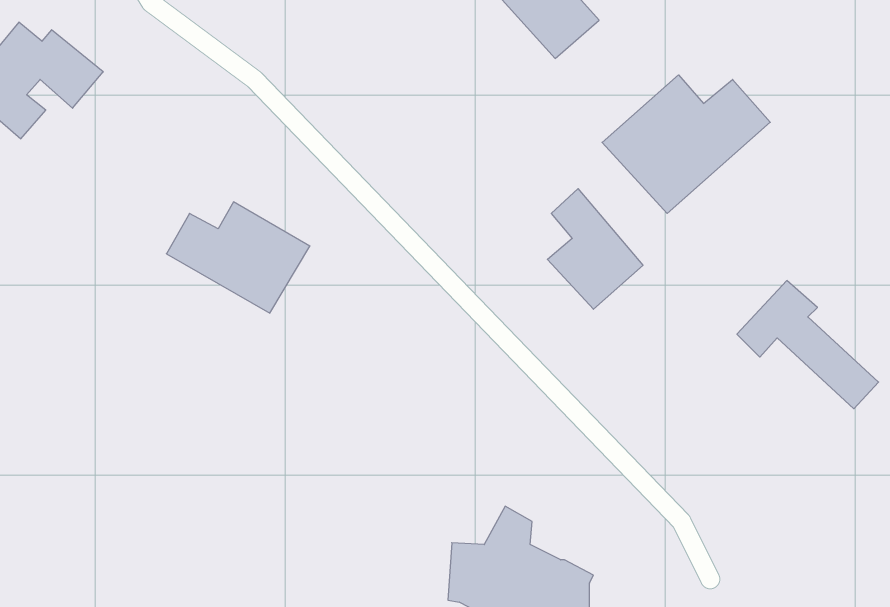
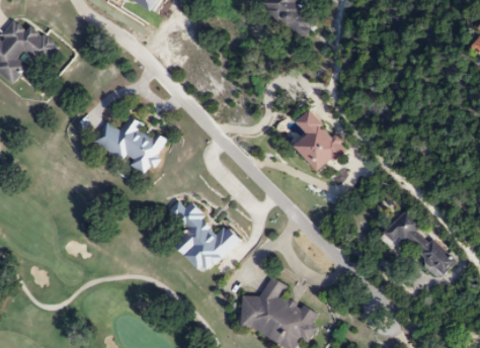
building: [602,75,770,213] -> none
building: [737,281,879,409] -> [379,207,454,275]
building: none -> [167,200,239,274]

